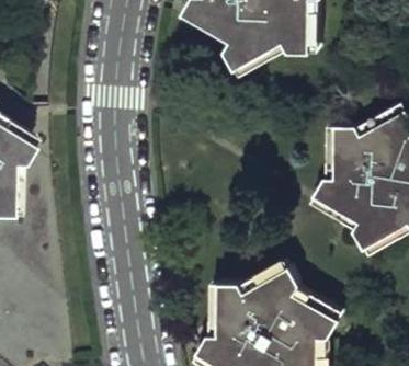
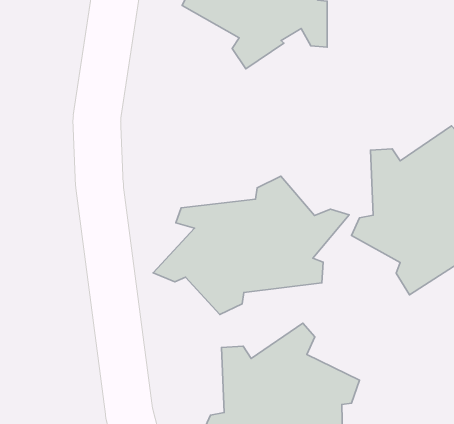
building: none -> [153,176,349,315]

